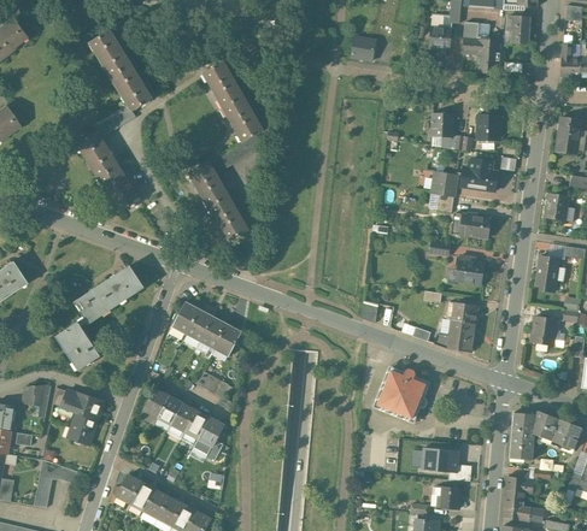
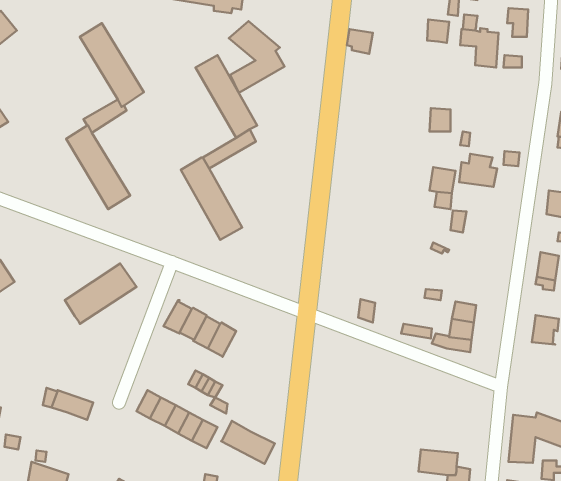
building: none -> [229,21,284,93]
building: [477,114,499,141] -> none
building: [464,213,491,238] -> none
building: [457,255,485,284] -> none
building: [57,317,101,370] -> none
building: [374,367,428,421] -> none
building: [20,382,51,415] -> none
building: [71,411,98,444] -> none
building: none -> [221,421,275,464]

